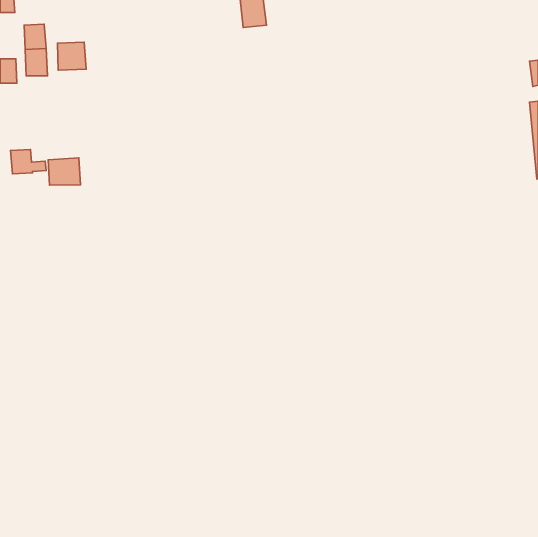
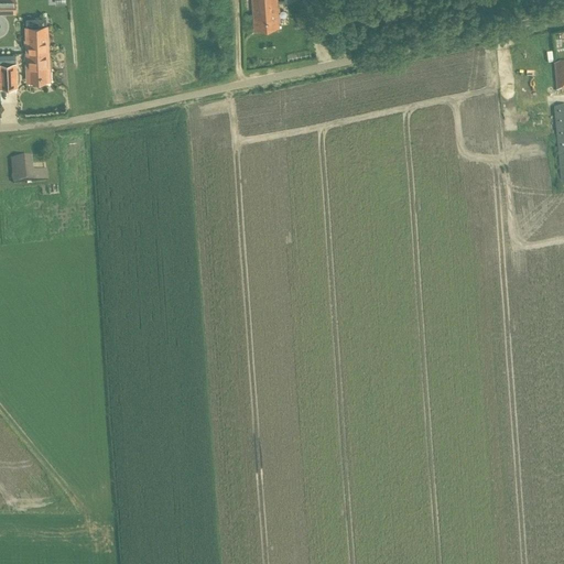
building: [58,42,86,70] -> none
building: [48,158,80,185] -> none

